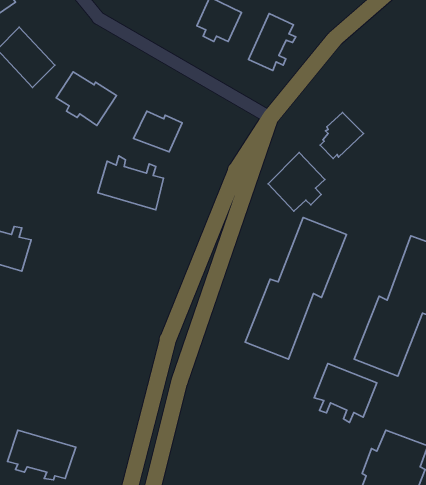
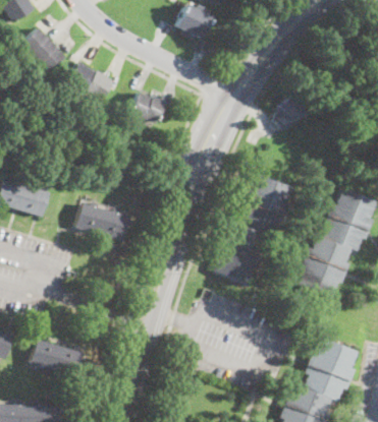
building: [248,14,296,71] -> none
building: [268,152,325,211] -> none
building: [98,156,164,210] -> [76,198,127,240]
building: [314,363,377,422] -> none

